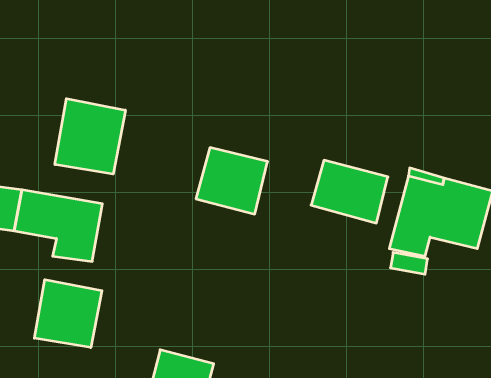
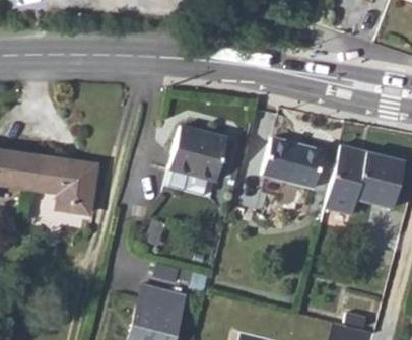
building: [55,99,125,174] -> none
building: [34,280,102,348] -> none

